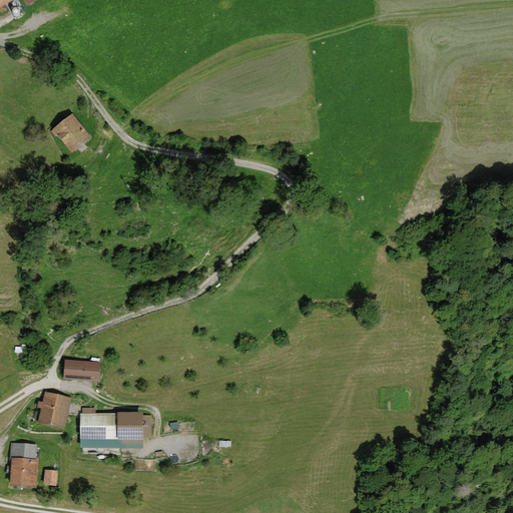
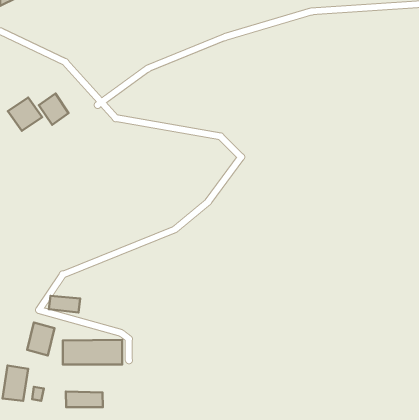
building: none -> [8,98,42,131]
building: none -> [66,391,103,407]

